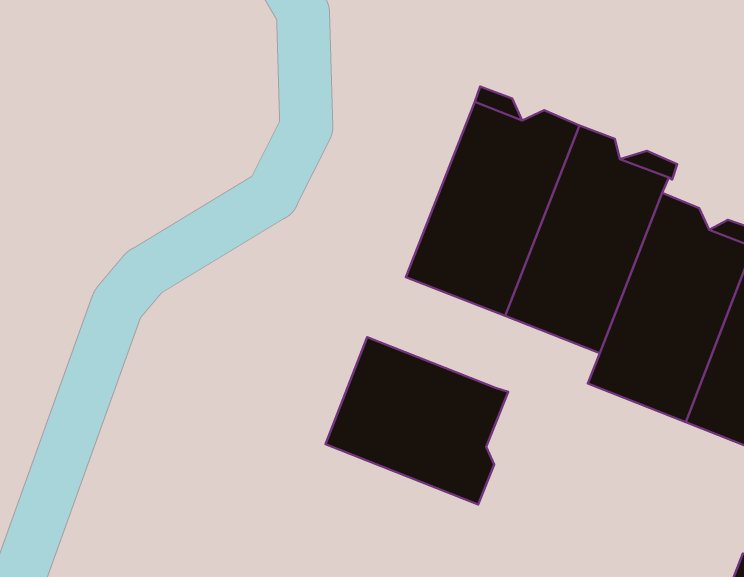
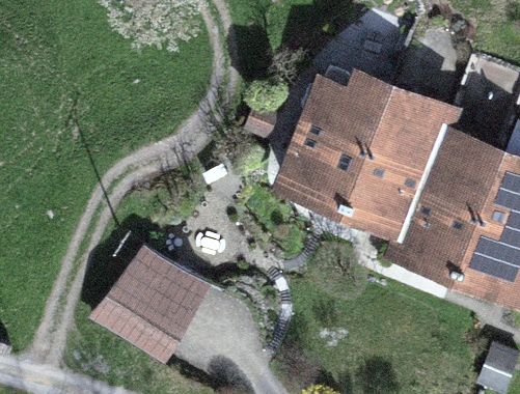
building: [326,337,508,504] -> none
building: none -> [91,250,204,359]

